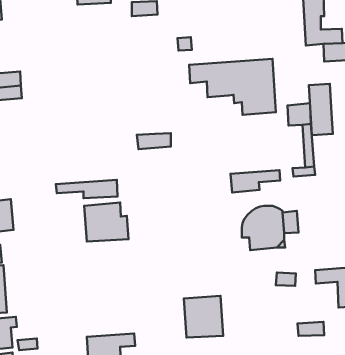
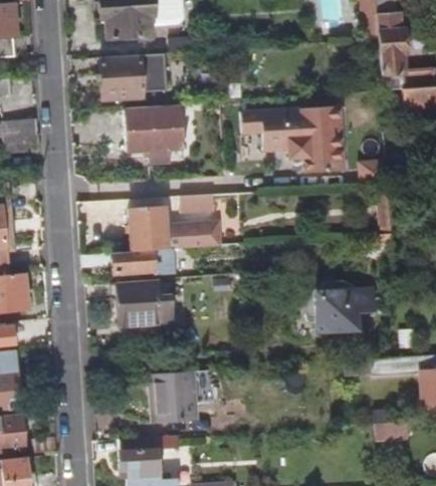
building: none -> [102,53,170,99]
building: none -> [126,106,184,160]
building: [309,84,333,135] -> none
building: none -> [129,206,225,248]
building: [231,170,280,192] -> none
building: [184,296,223,338] -> [145,372,192,422]

